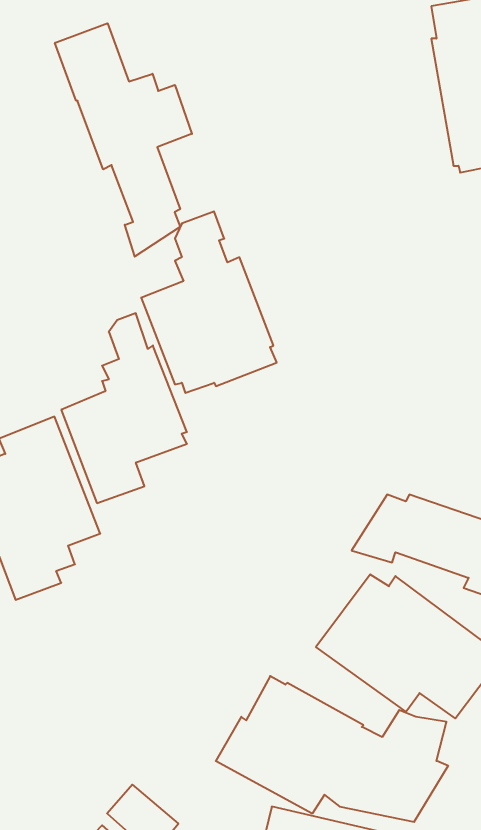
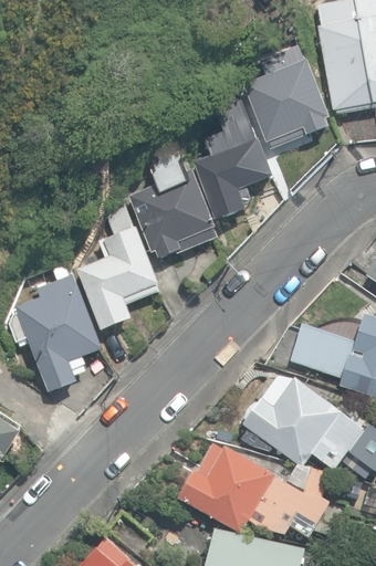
building: [55,23,192,257] -> none
building: none -> [243,45,328,147]
building: none -> [192,99,273,219]

